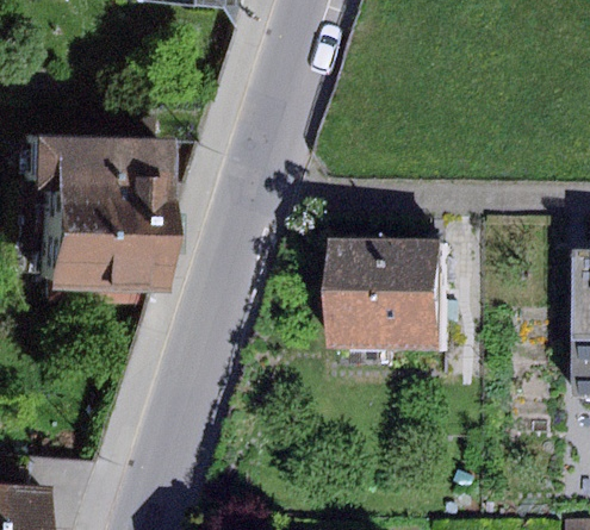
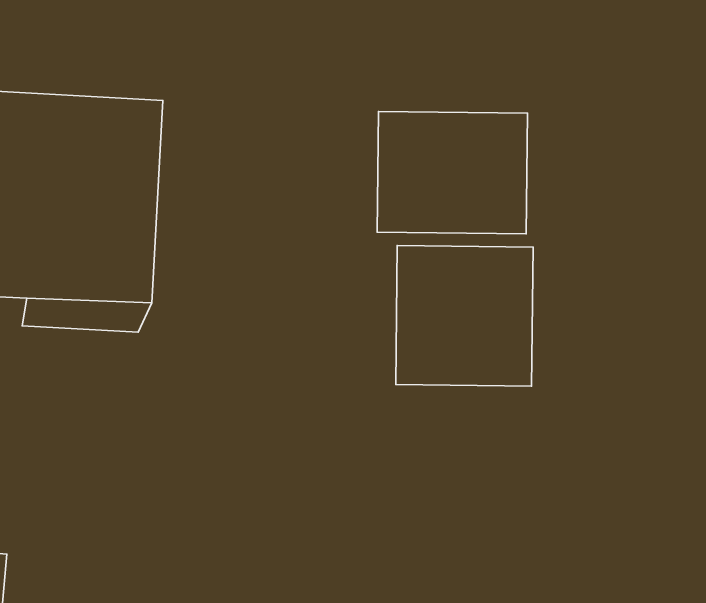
building: none -> [377,112,528,234]

